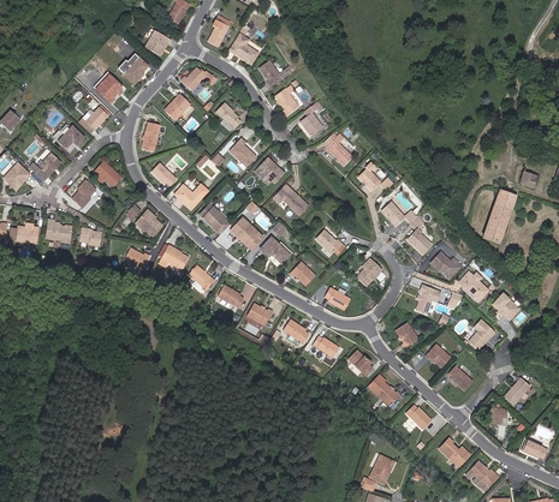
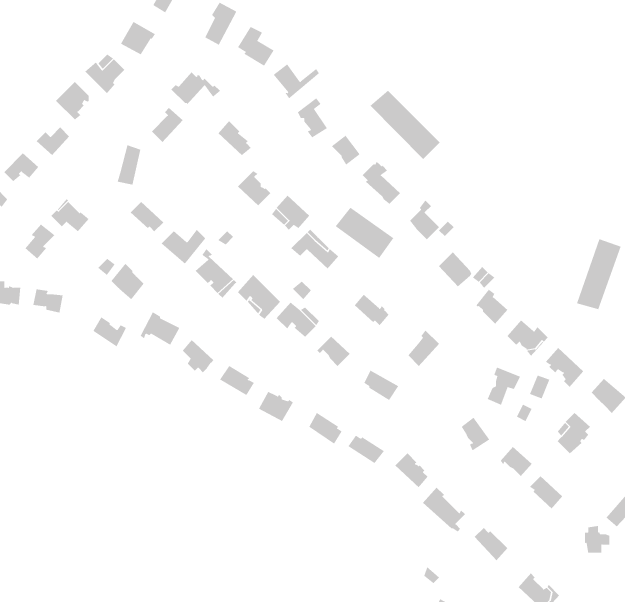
building: none -> [369,90,441,160]
building: none -> [335,207,394,259]

